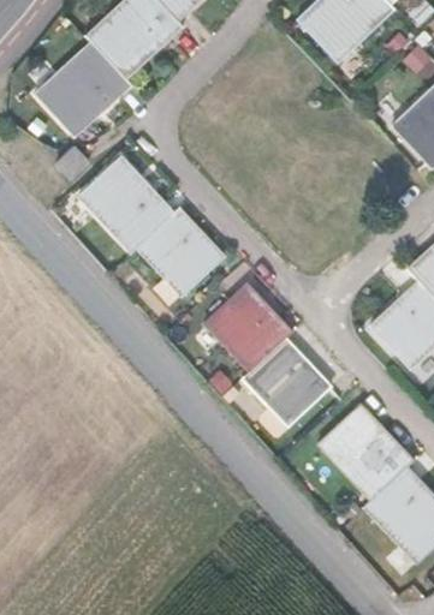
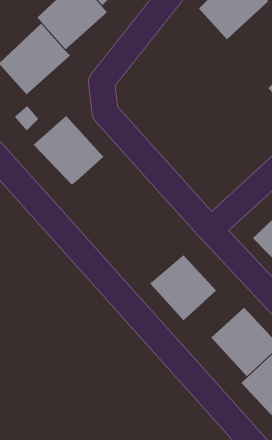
building: [142,205,231,293] -> none
building: [198,287,291,378] -> none

